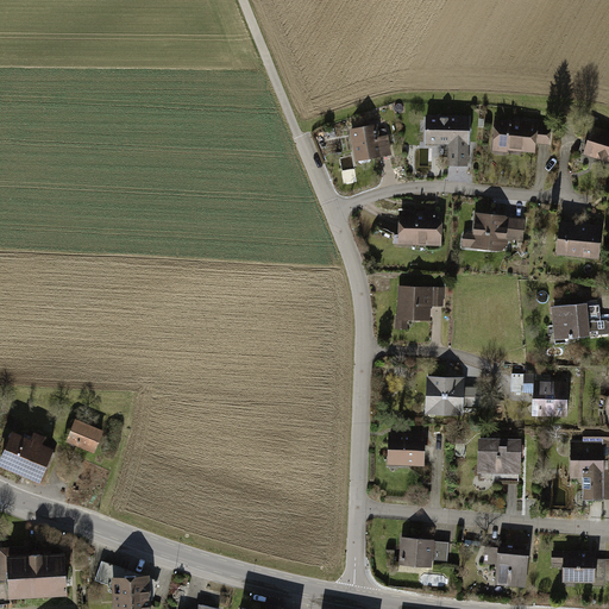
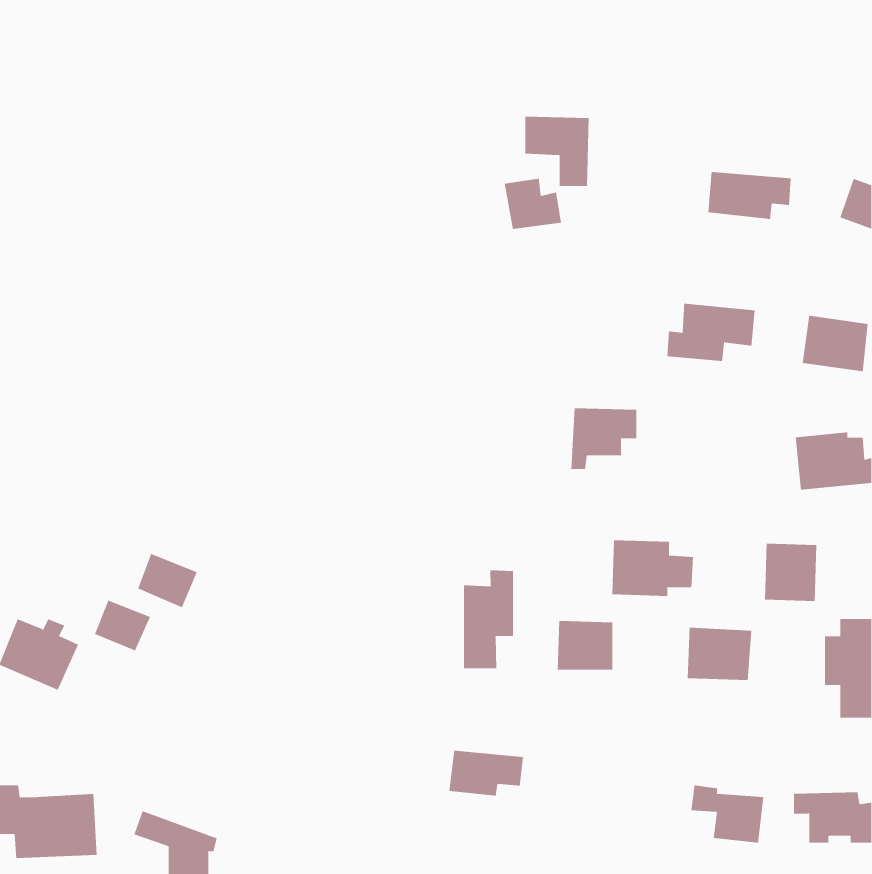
building: [423,118,469,167] -> [525,116,590,186]
building: [400,212,441,245] -> none
building: none -> [137,553,198,608]
building: none -> [463,570,514,669]
building: [397,536,450,569] -> [448,750,524,796]

